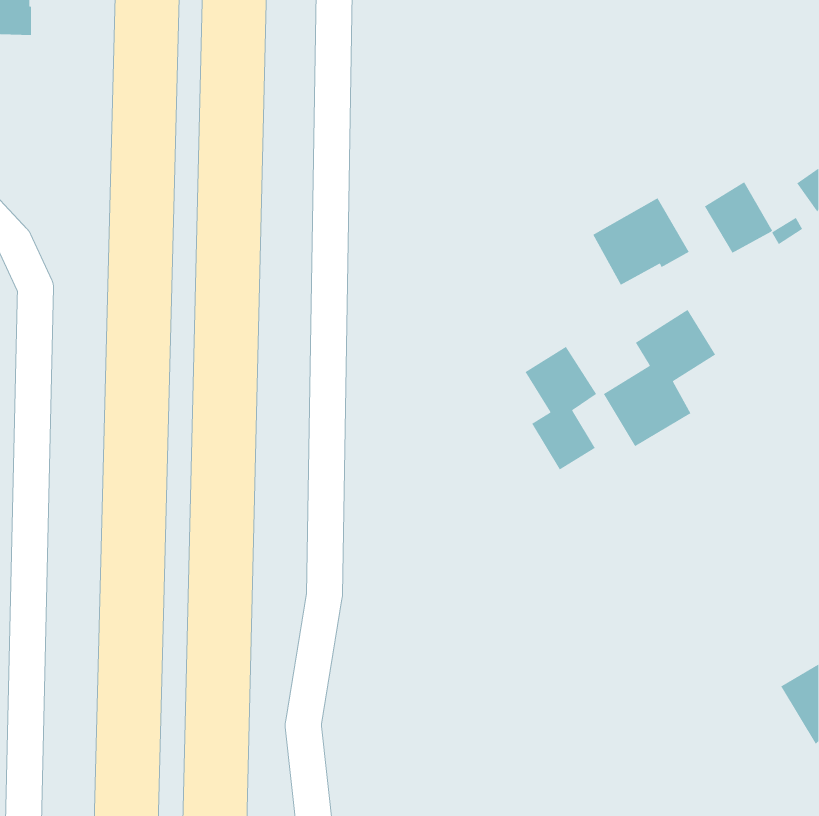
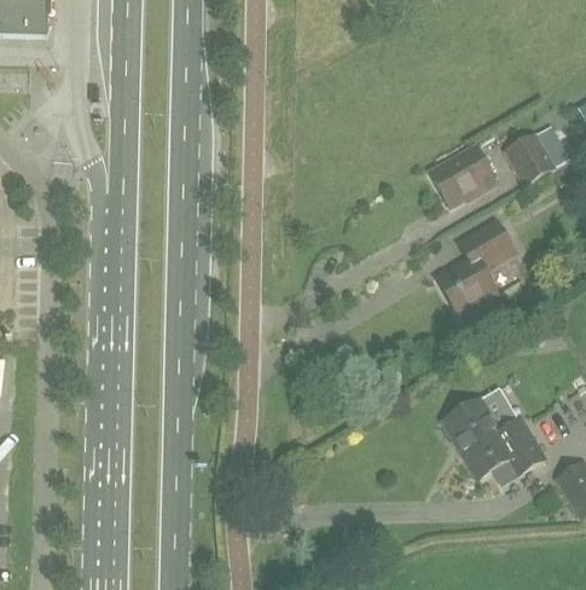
building: [525,346,597,470] -> none
building: none -> [443,395,544,476]

